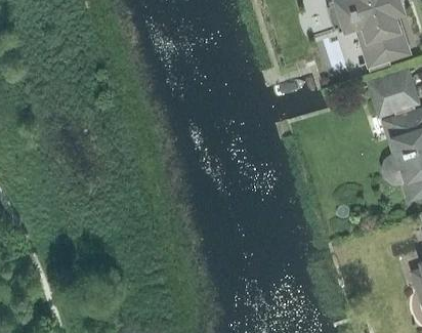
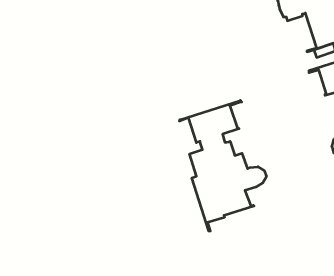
building: none -> [179,100,266,231]

